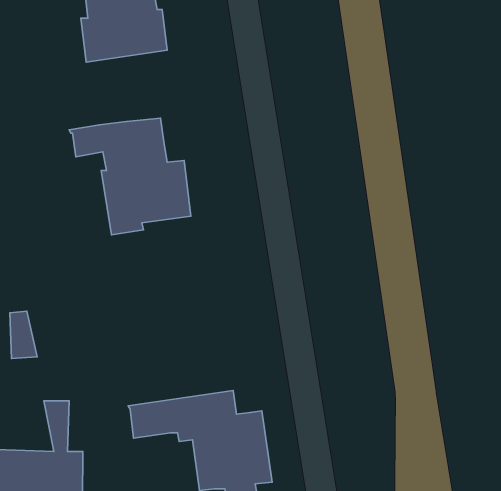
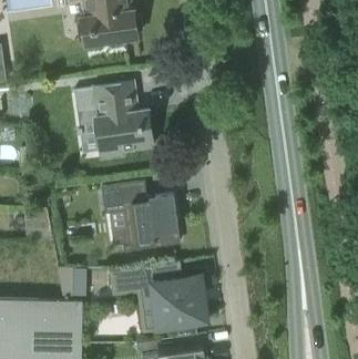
building: none -> [100,181,178,253]

